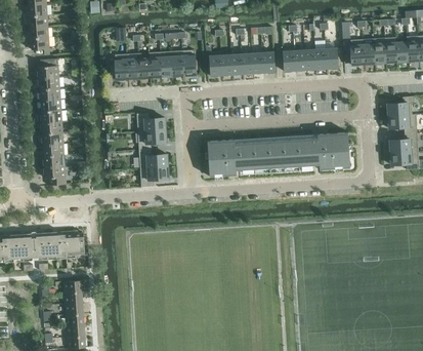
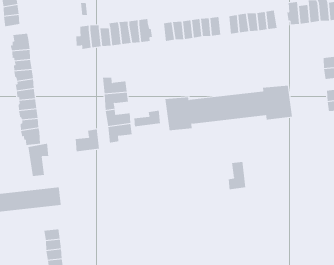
building: none -> [134,110,161,127]
building: none -> [75,129,100,152]
building: none -> [28,143,49,177]
building: none -> [228,161,246,190]

